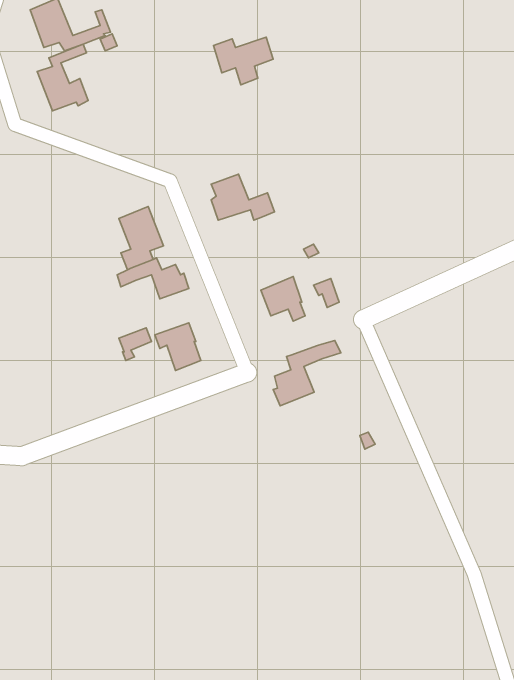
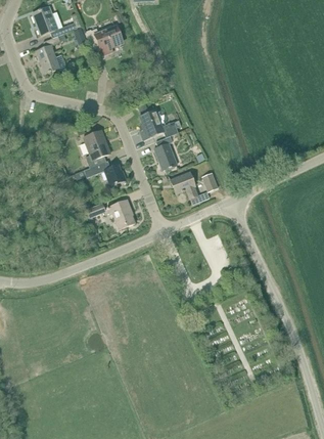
building: [213,37,273,85] -> [85,26,121,54]
building: none -> [154,136,177,170]
building: [273,341,341,406] -> none

